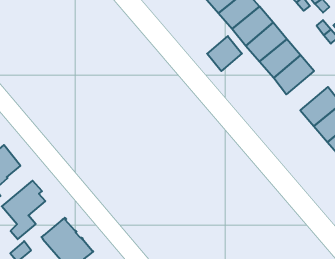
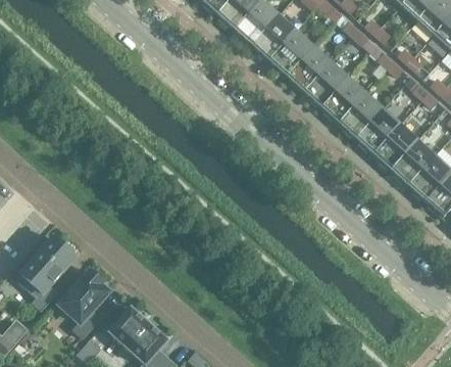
building: [207,36,242,71] -> none
building: none -> [356,108,400,153]

